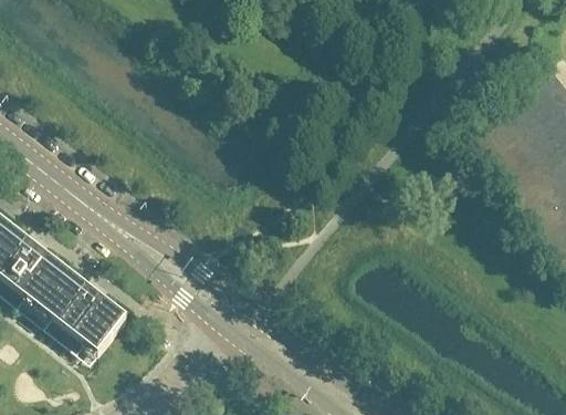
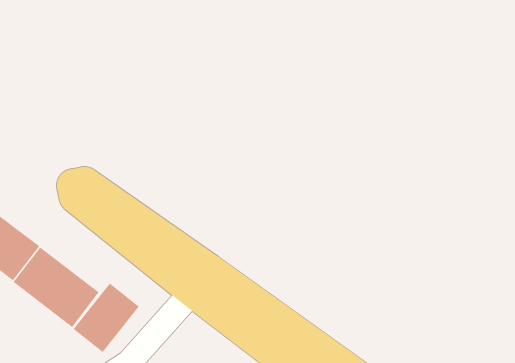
building: none -> [71,282,140,353]

